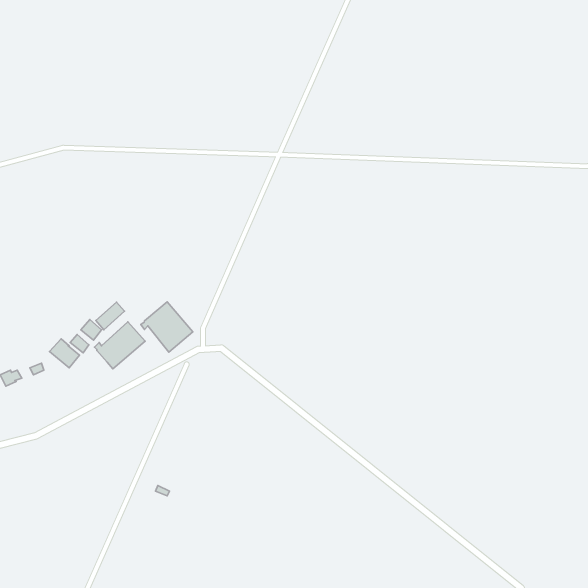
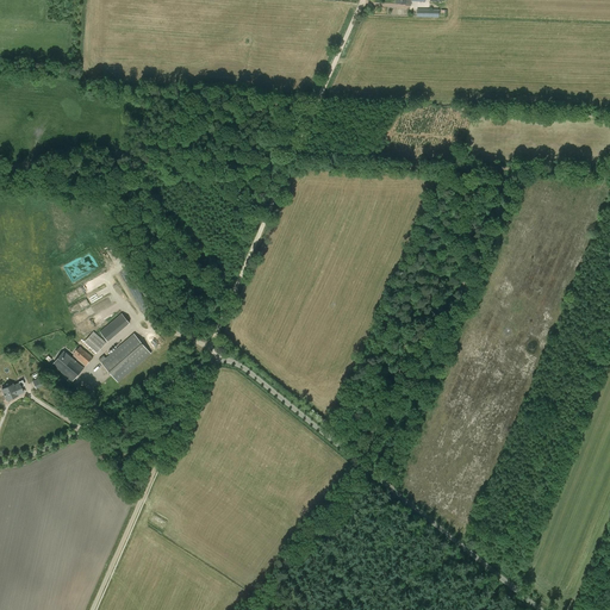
building: [141,302,193,352] -> none

